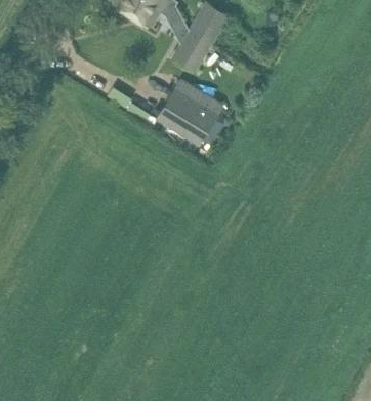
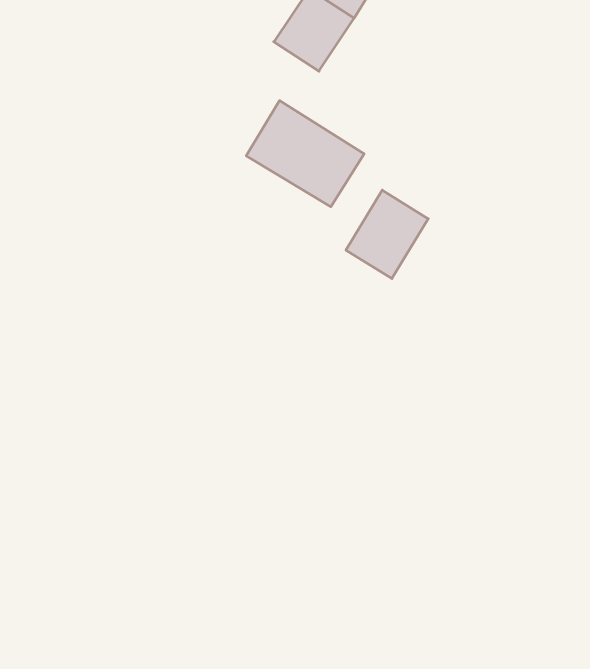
building: none -> [346,190,428,279]

